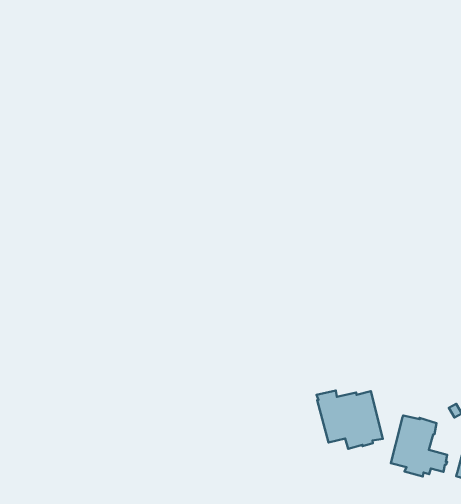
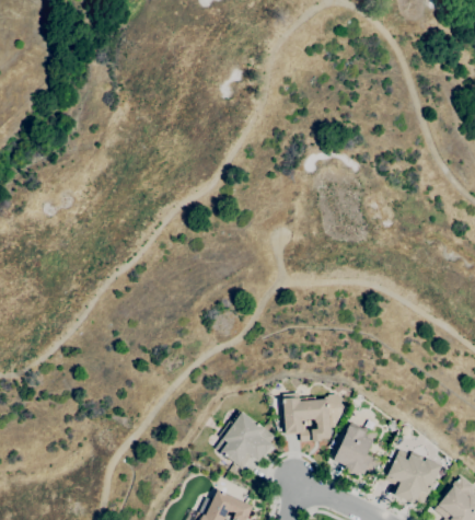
building: none -> [217,412,276,467]

